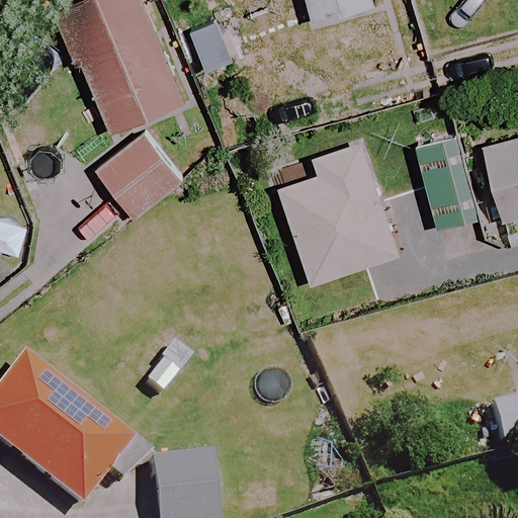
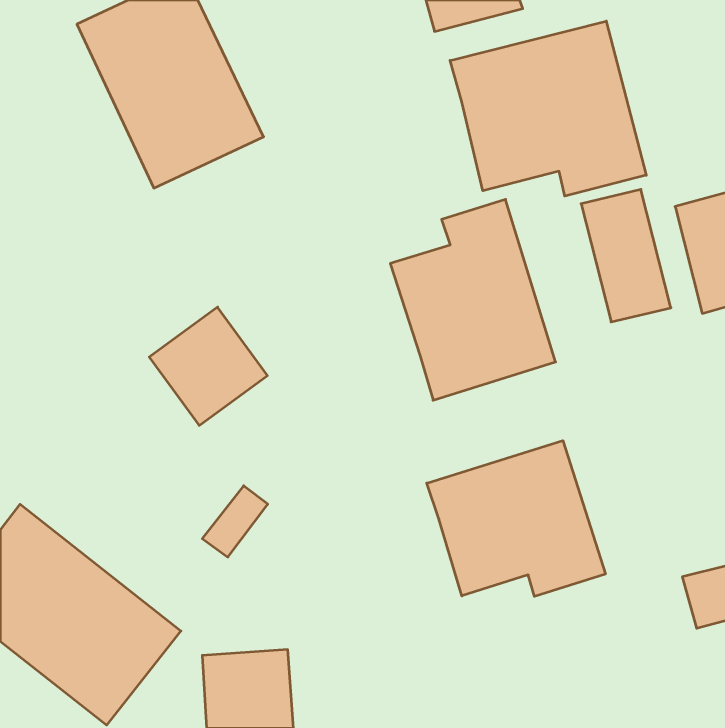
building: none -> [450,21,646,196]
building: [97,135,181,219] -> [149,307,267,425]
building: none -> [427,441,605,596]

